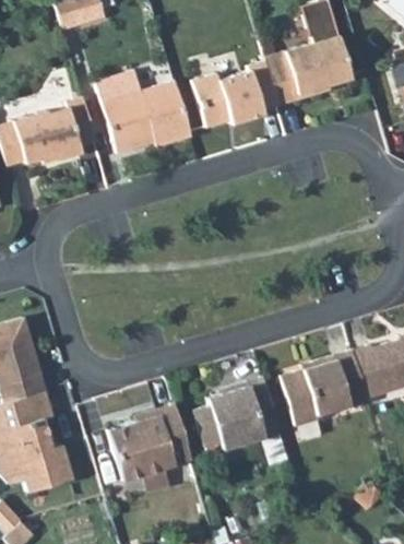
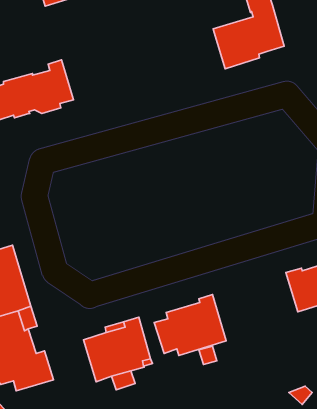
building: [191,61,278,127] -> none
building: [97,70,191,153] -> none
building: [280,350,367,425] -> none

